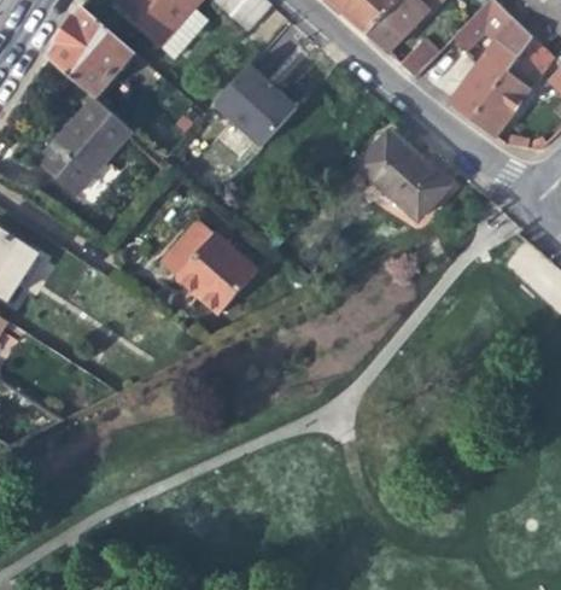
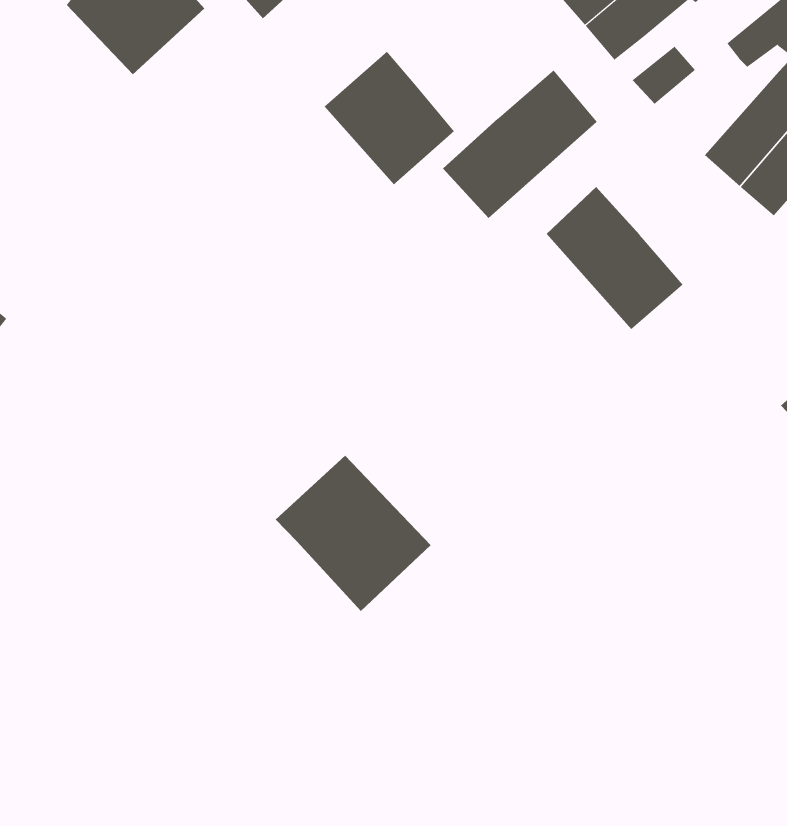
building: none -> [442,69,597,219]
building: [37,95,132,192] -> none
building: [157,217,255,312] -> [275,455,431,612]

